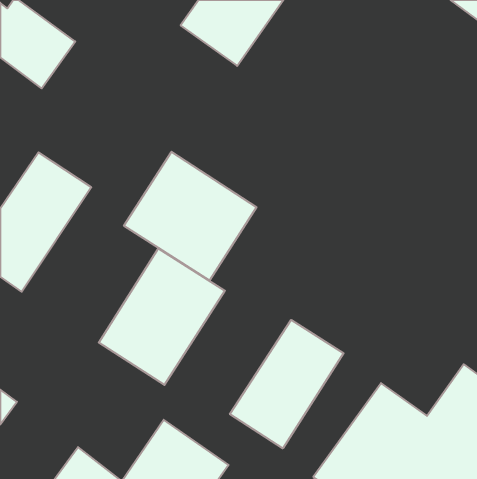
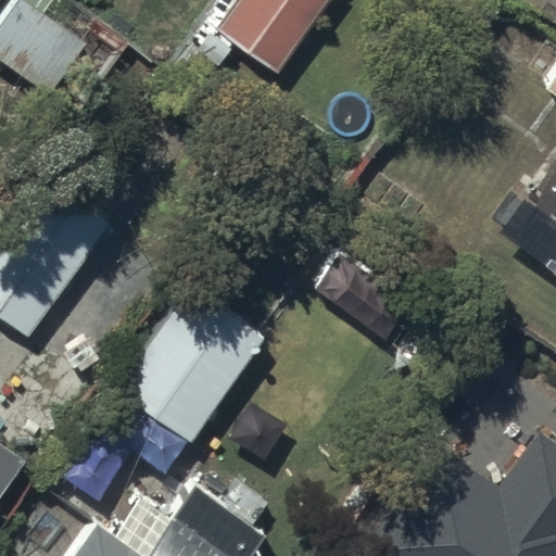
building: [124,152,256,281] -> none
building: [230,320,344,448] -> none

